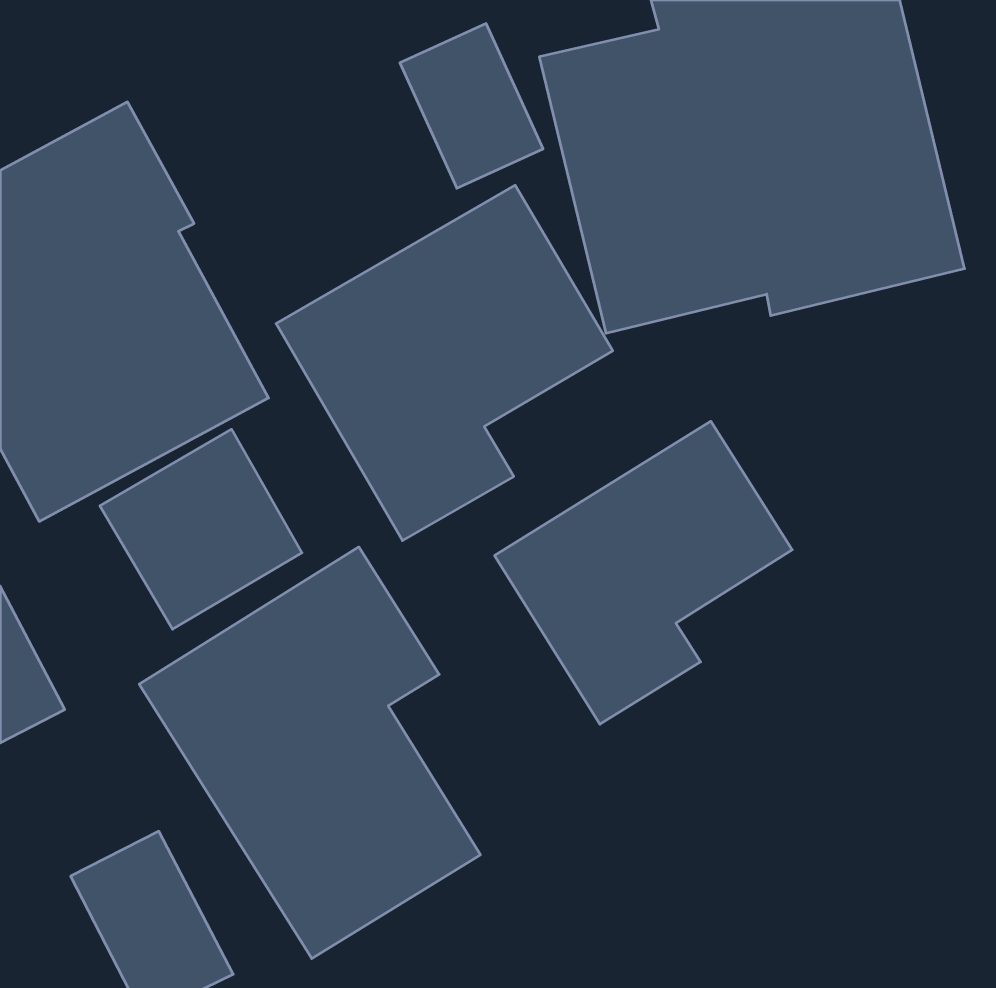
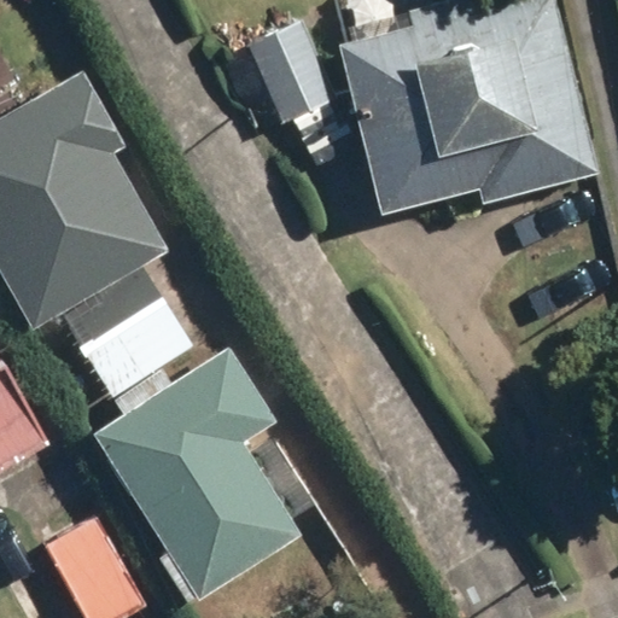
building: [276,185,613,541] -> none
building: [495,421,792,724] -> none

